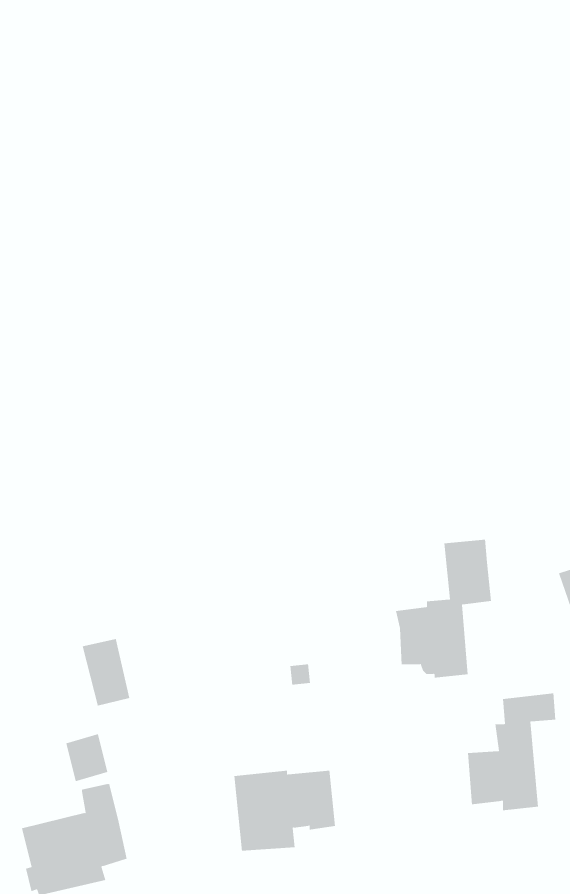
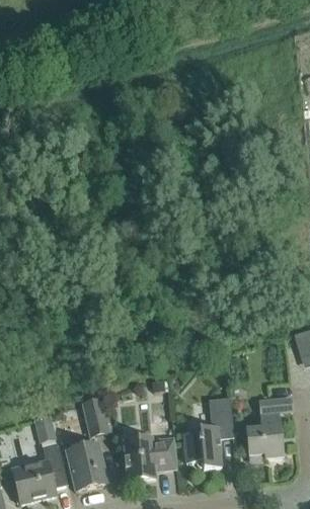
building: [395,539,492,678] -> [183,396,234,469]
building: [82,638,130,706] -> [83,400,108,435]
building: none -> [67,443,107,490]

